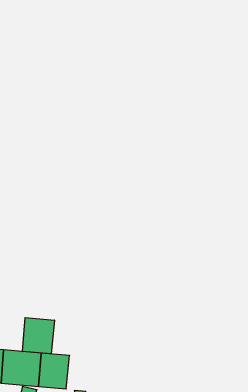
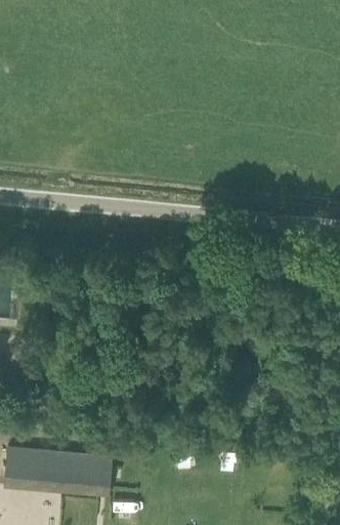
building: [23,318,54,354] -> none

